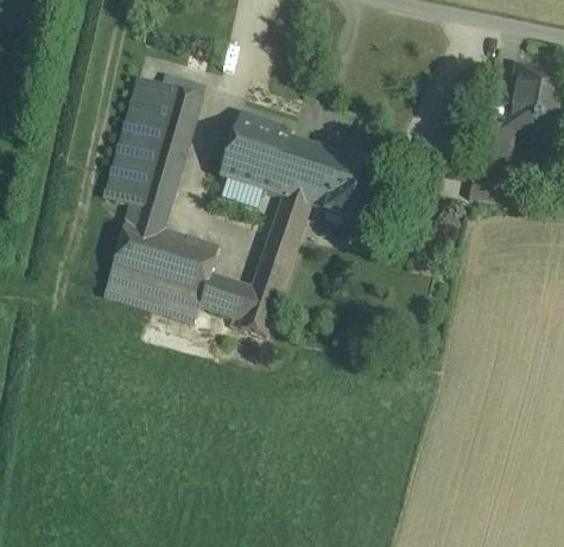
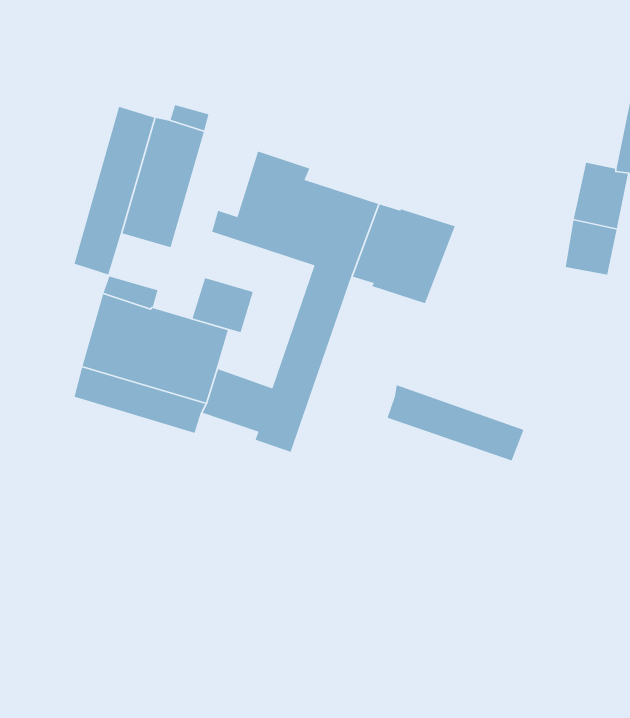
building: [129,174,176,216] -> [192,277,254,333]
building: none -> [387,384,525,461]

